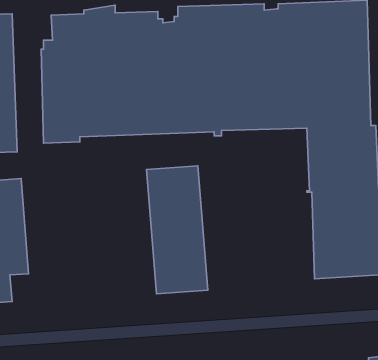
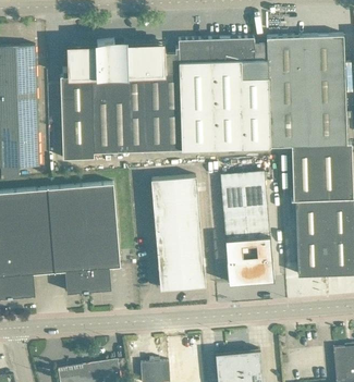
building: none -> [220,173,273,285]
building: none -> [42,184,120,293]

